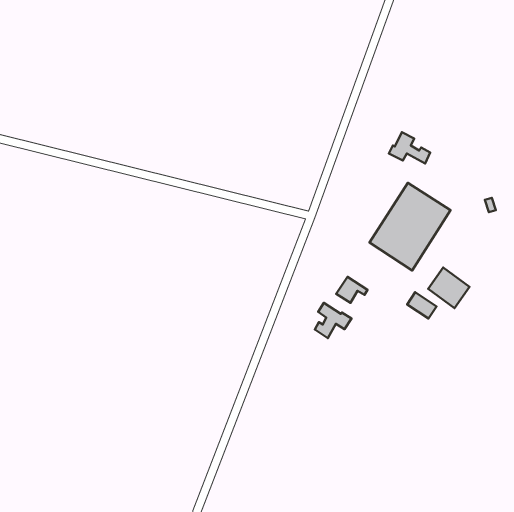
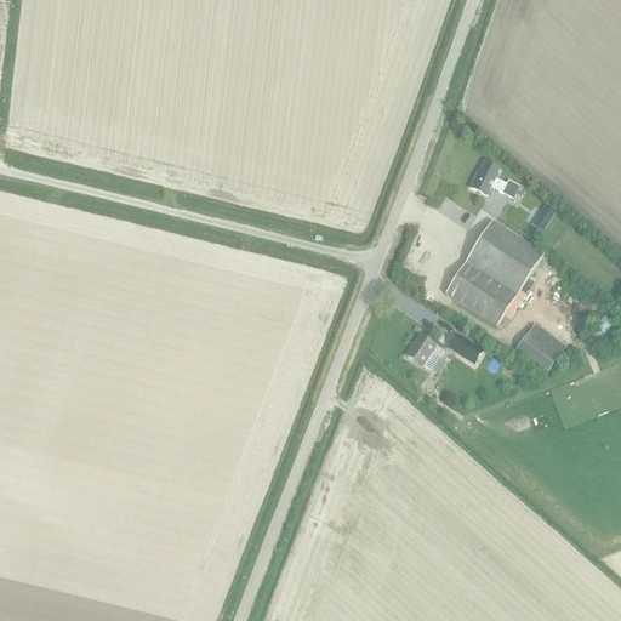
building: [407,292,436,319] -> [446,331,482,363]
building: [315,303,351,338] -> none

